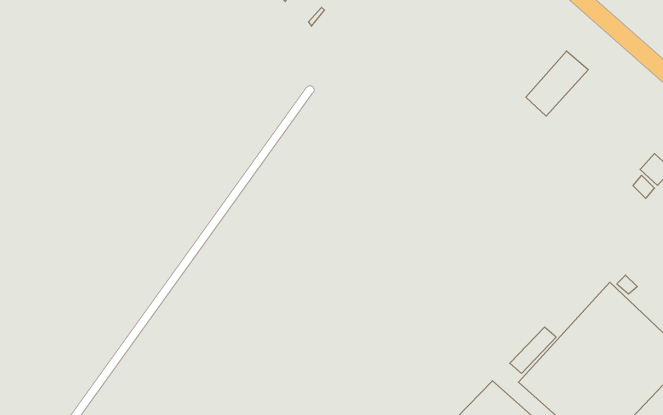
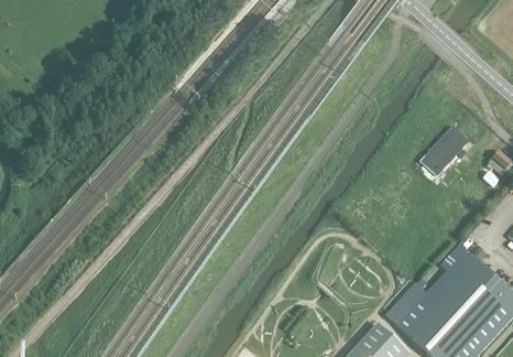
building: [526,51,588,116] -> [421,125,468,174]

